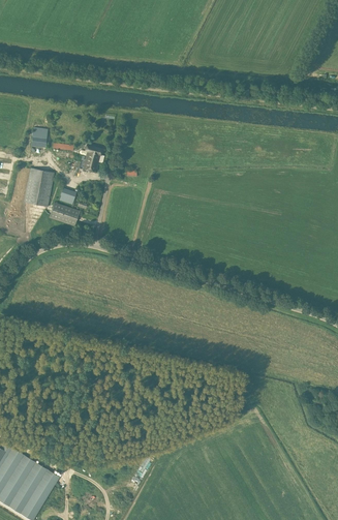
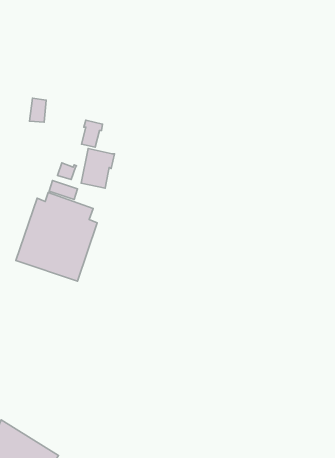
building: [23,167,56,207] -> [81,149,114,188]
building: none -> [16,192,97,281]

